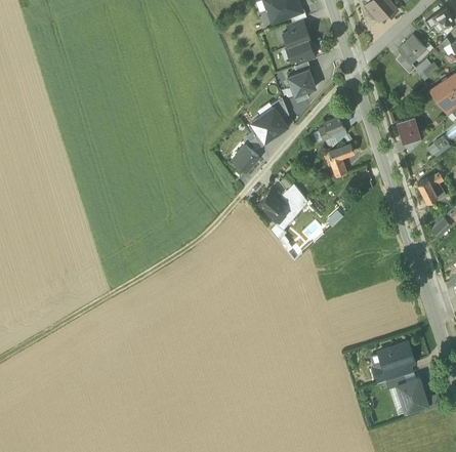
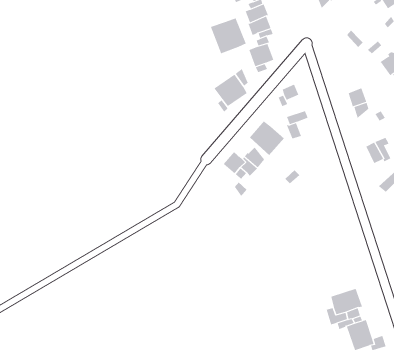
building: [399,36,427,64] -> none
building: none -> [210,18,246,54]
building: [229,141,259,172] -> none
building: none -> [249,121,285,156]

